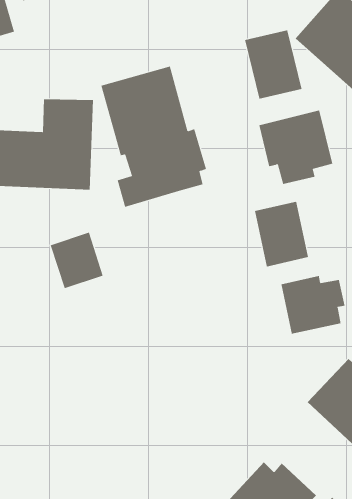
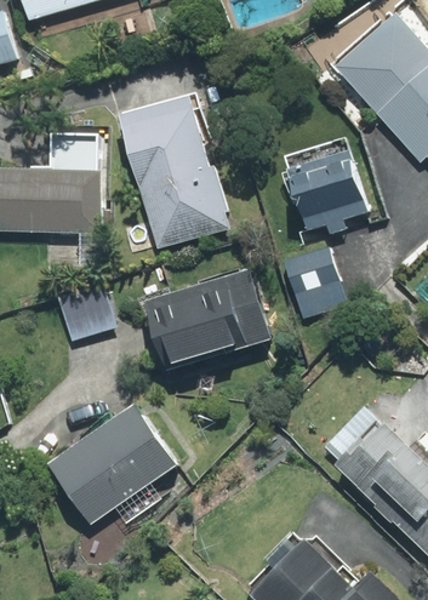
building: [245,30,302,99] -> none
building: none -> [142,272,268,371]
building: [281,275,345,335] -> none
building: none -> [50,400,176,519]

